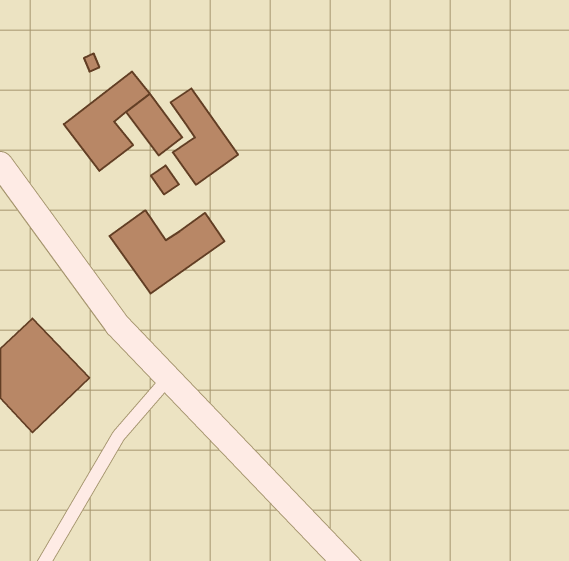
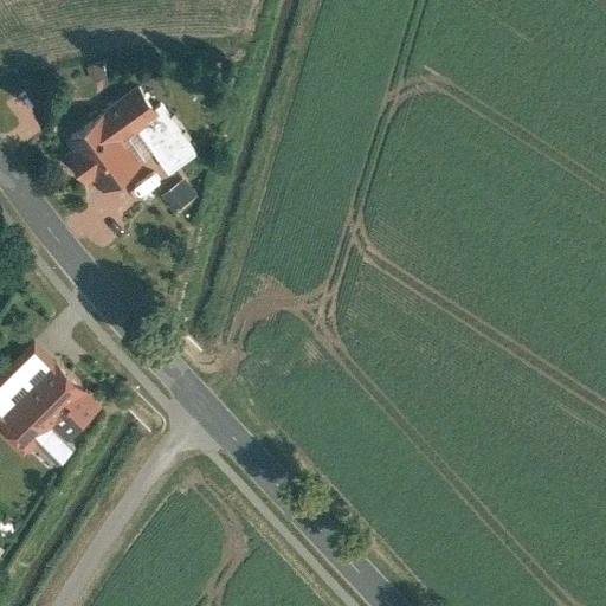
building: [171,88,238,185] -> none
building: [109,210,224,294] -> none

